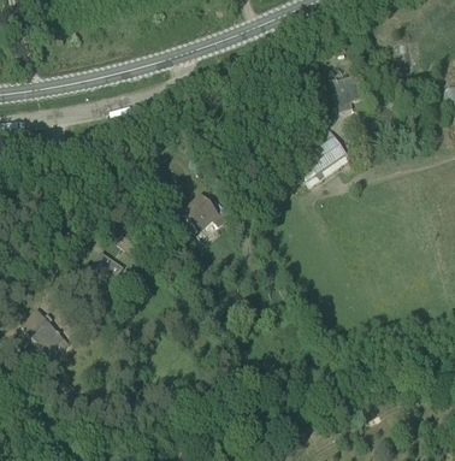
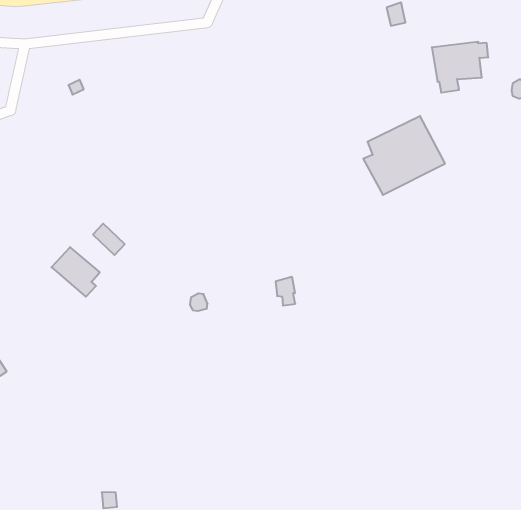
building: [179,193,230,232] -> none

